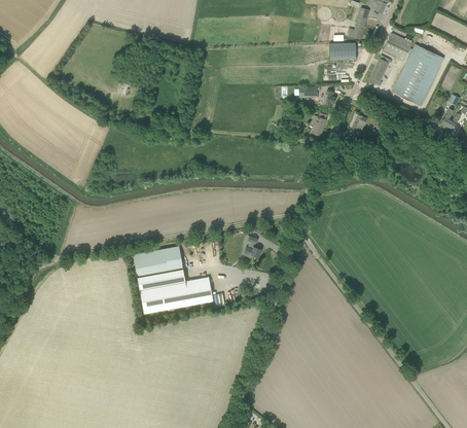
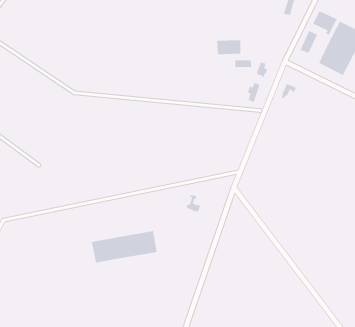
building: [329,42,357,60] -> [216,39,241,55]
building: [133,247,183,278] -> none

